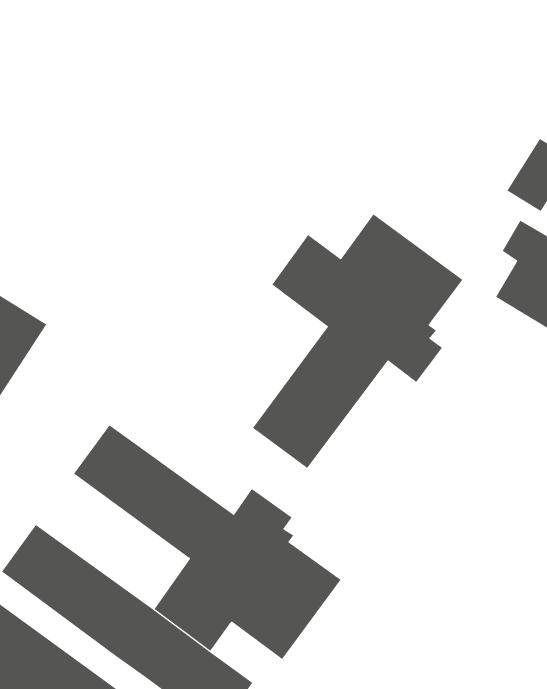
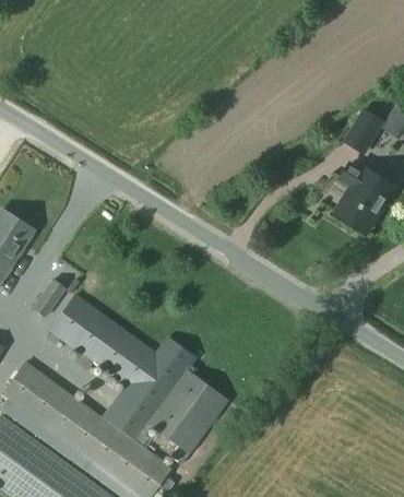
building: [252,214,463,469] -> none
building: none -> [32,279,67,318]

